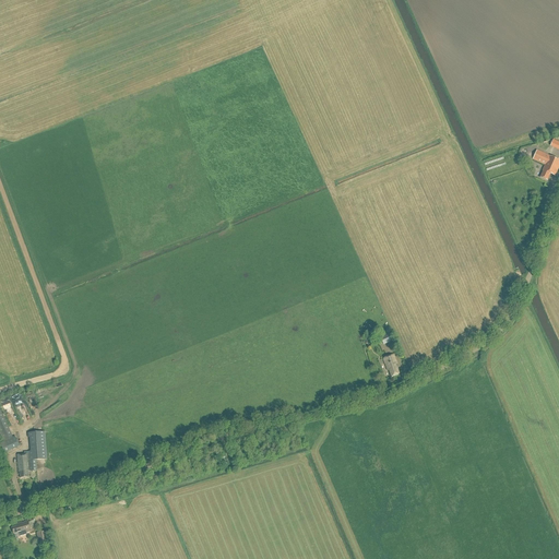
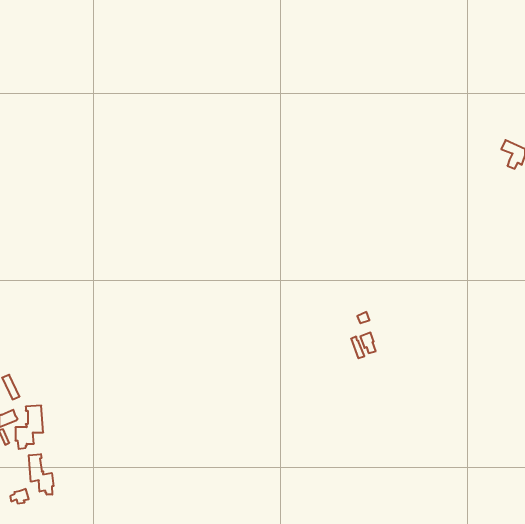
building: none -> [29,454,54,495]

